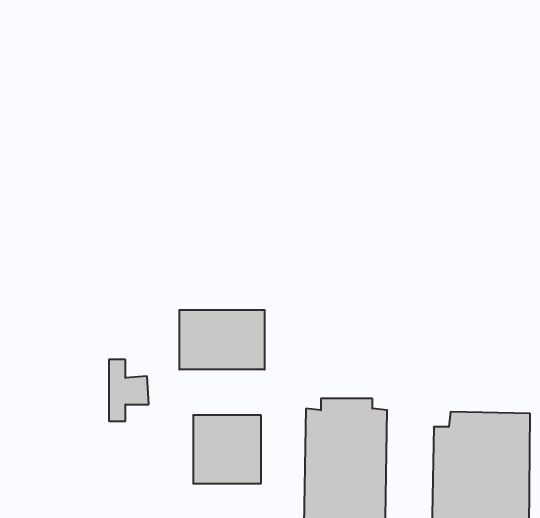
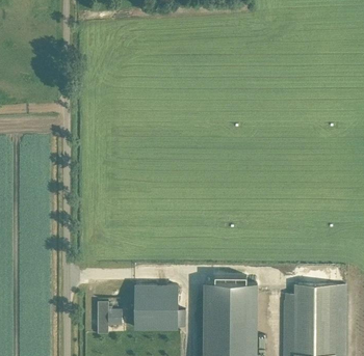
building: [179,310,265,370] -> none
building: [109,360,149,421] -> [97,298,122,336]

